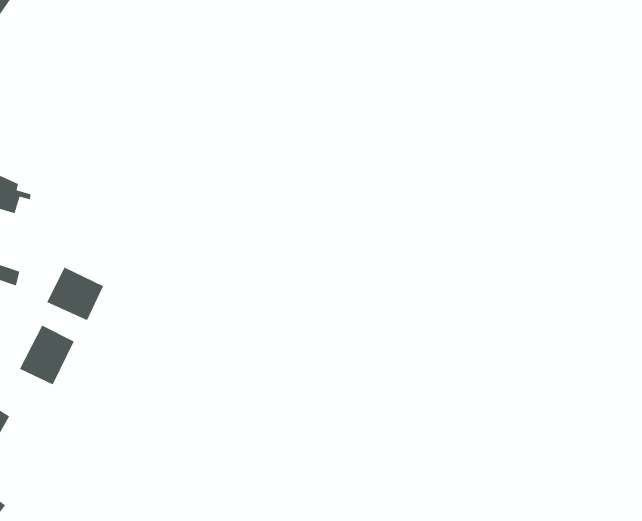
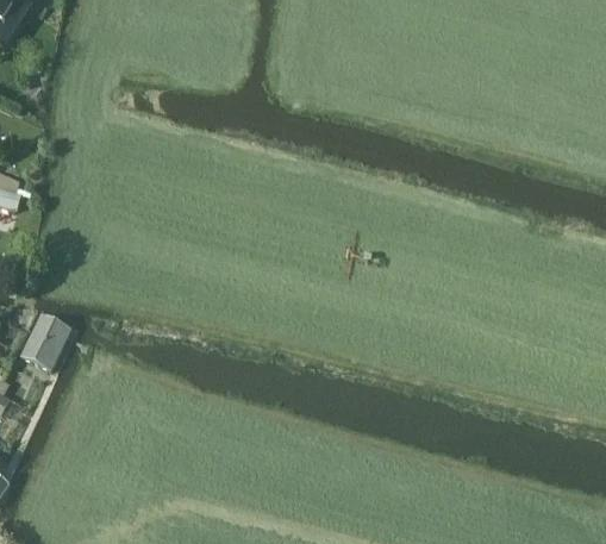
building: [46,266,104,321] -> none

